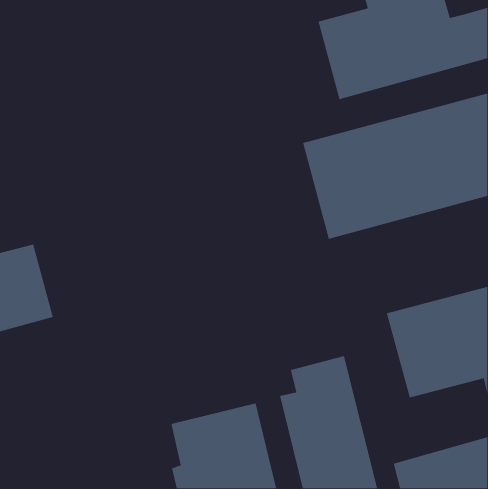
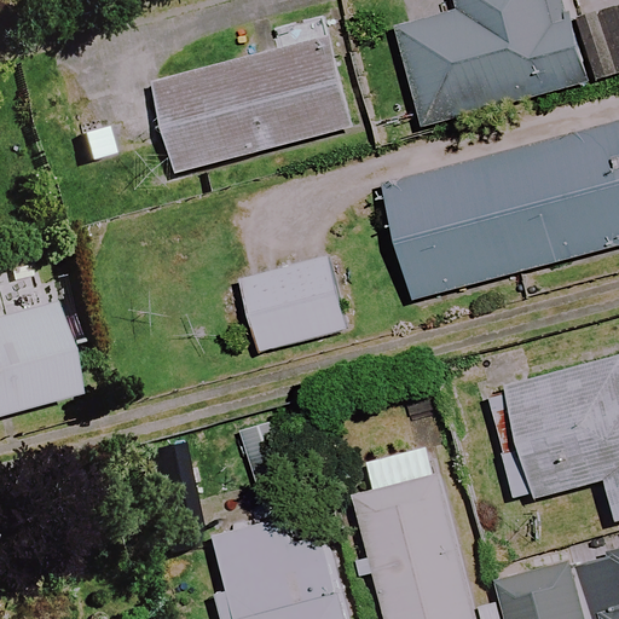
building: none -> [106,18,353,175]
building: none -> [241,258,348,355]

